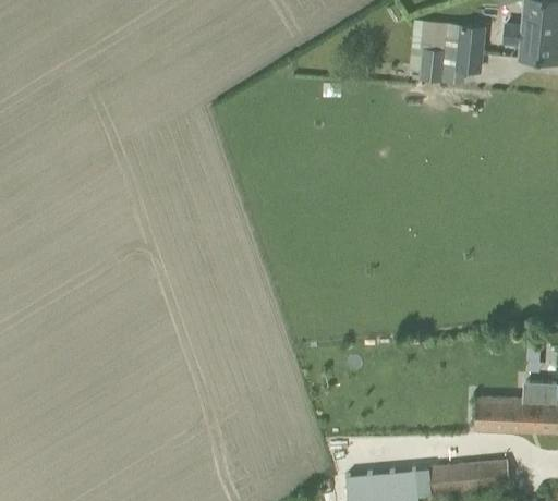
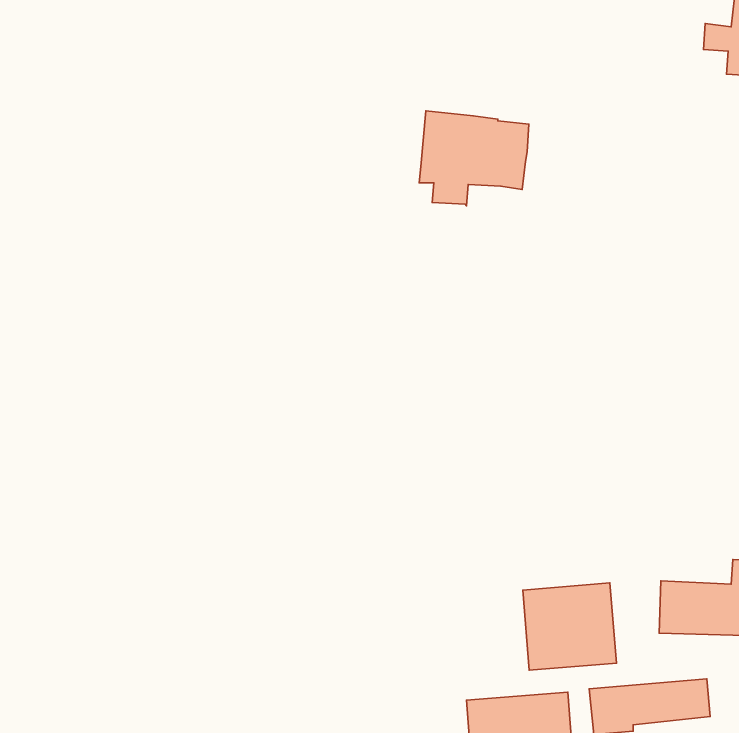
building: [411,21,484,84] -> [419,111,529,206]
building: none -> [523,583,616,670]

